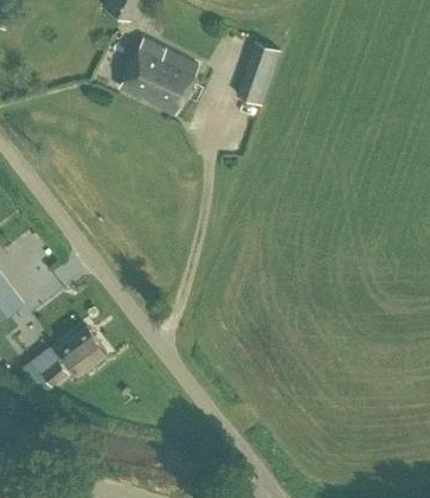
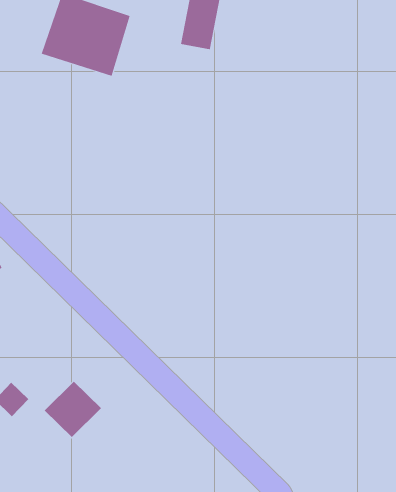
building: [58,327,107,375] -> [44,381,102,438]

